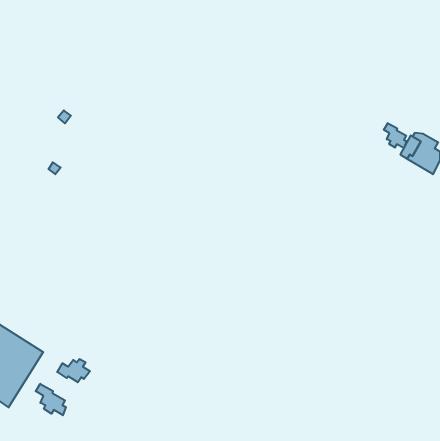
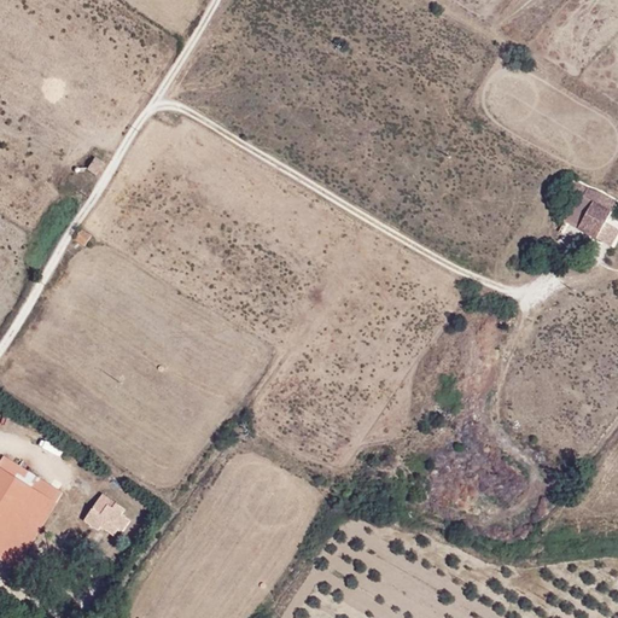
building: [384,123,407,148] -> none
building: [36,384,66,415] -> none

